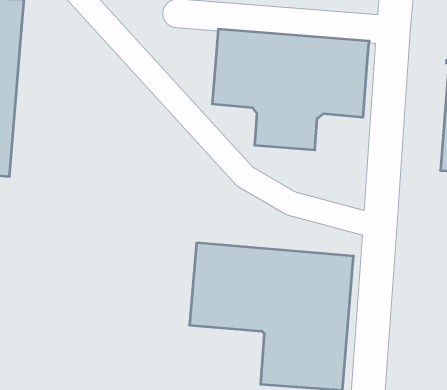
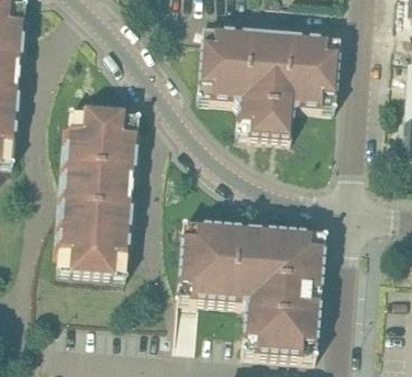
building: none -> [56,107,138,276]

